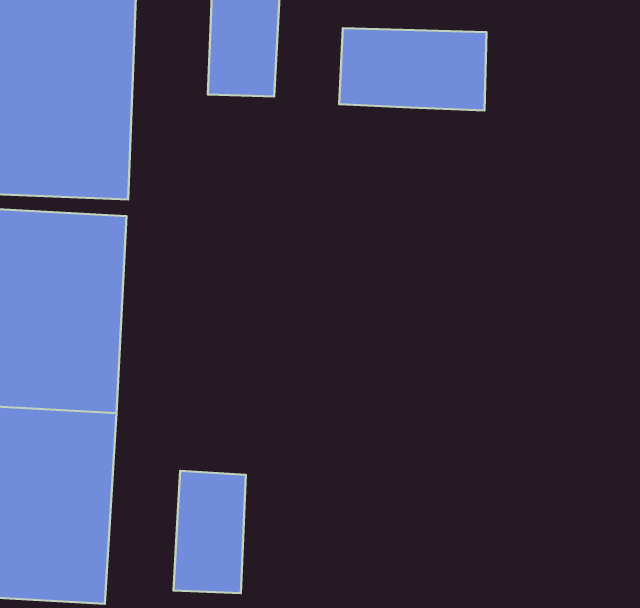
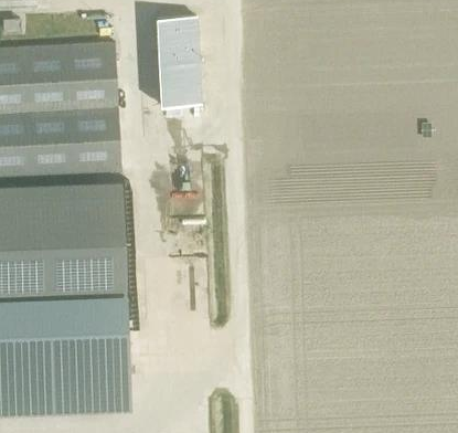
building: [339,28,487,110] -> none
building: [173,471,246,593] -> none

